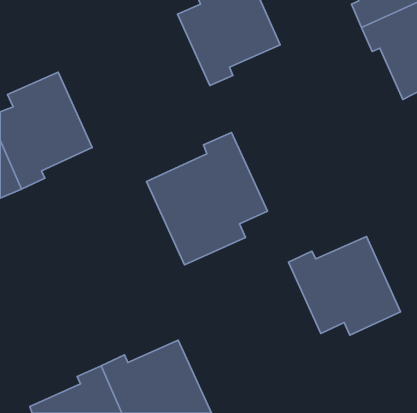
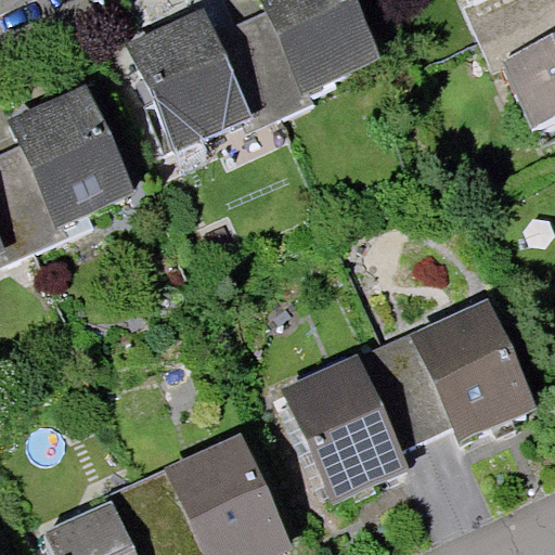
building: none -> [137,17,283,145]
building: [147,132,267,265] -> none
building: none -> [294,343,428,495]

